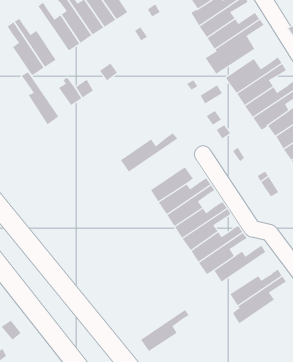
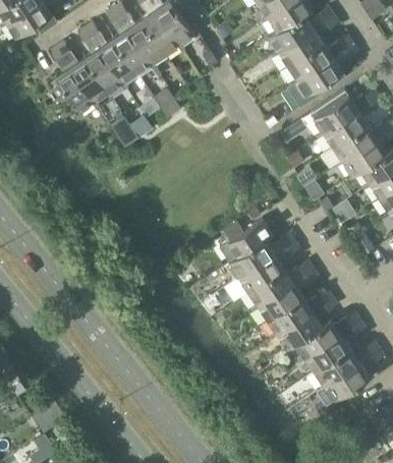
building: [21,71,59,125] -> [76,28,122,93]
building: [120,132,178,173] -> none
building: [140,309,190,352] -> [304,322,363,372]

